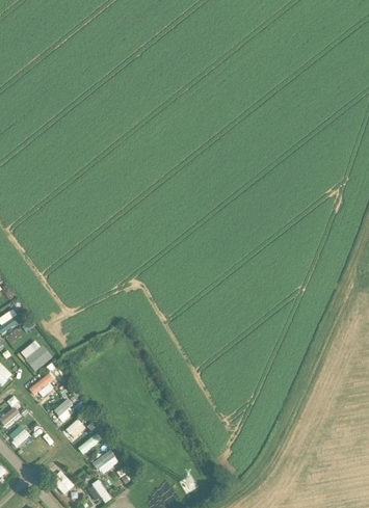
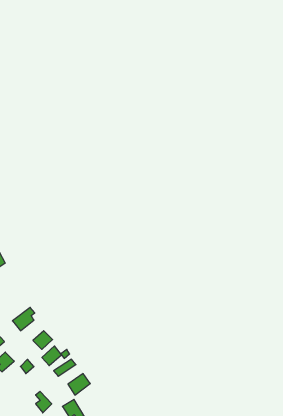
building: [20,339,52,371] -> none

